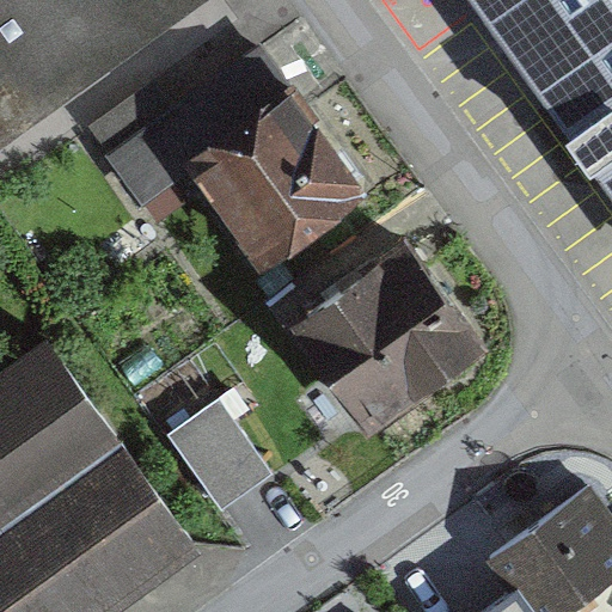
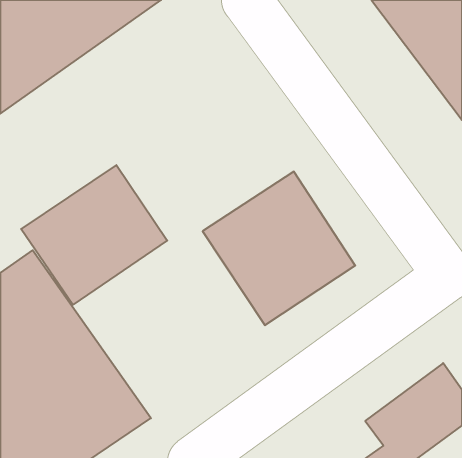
building: [100,45,353,267] -> none
building: none -> [21,165,167,305]
building: [175,394,282,509] -> none

